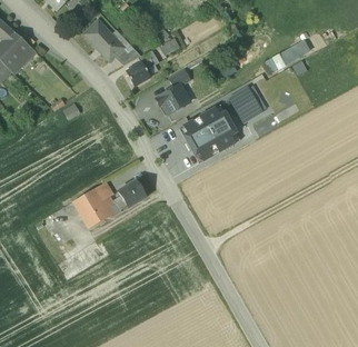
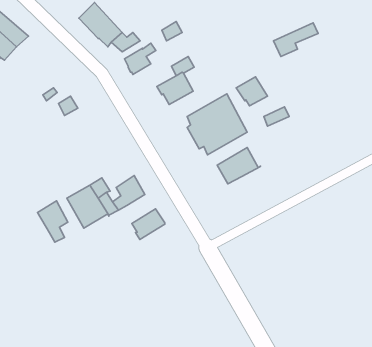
building: none -> [217,148,260,184]
building: none -> [38,201,68,242]
building: none -> [132,209,165,239]

